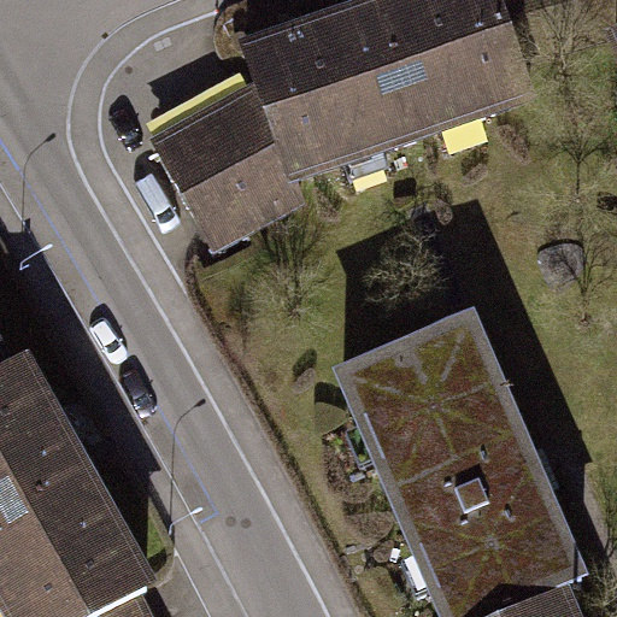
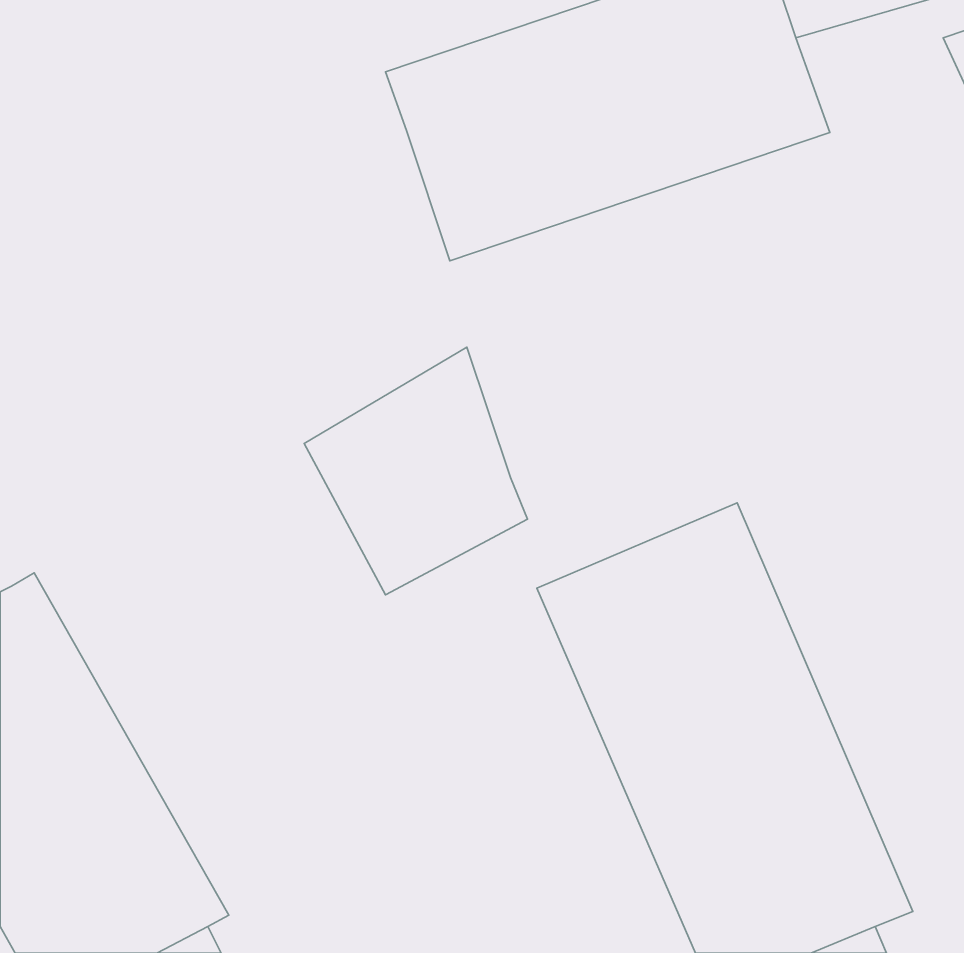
building: [157,83,299,241] -> [304,347,527,595]

